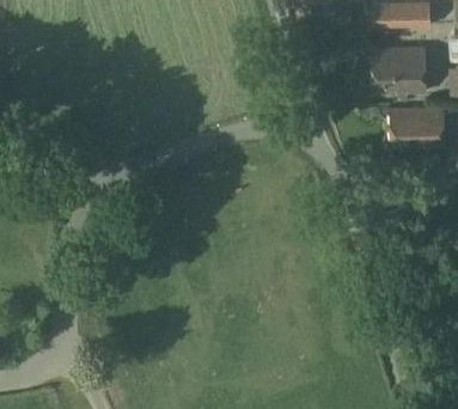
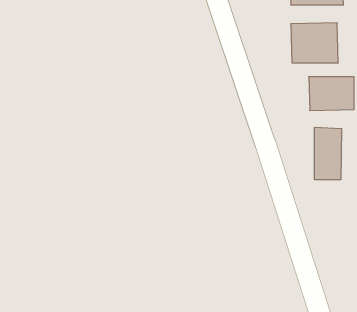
building: none -> [315,127,342,180]

